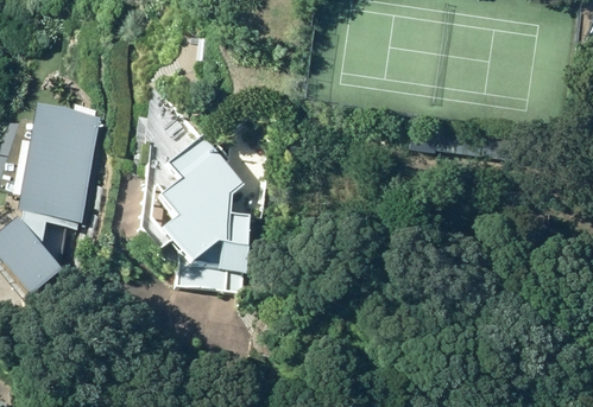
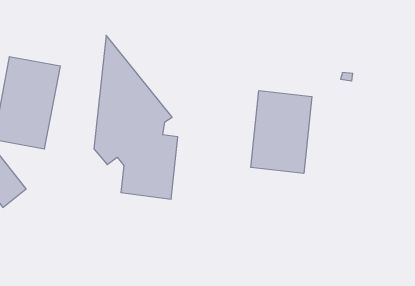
building: none -> [251,91,312,173]

